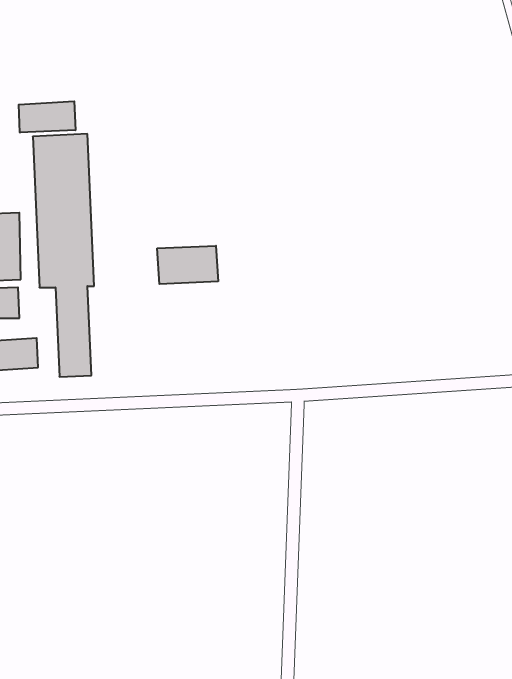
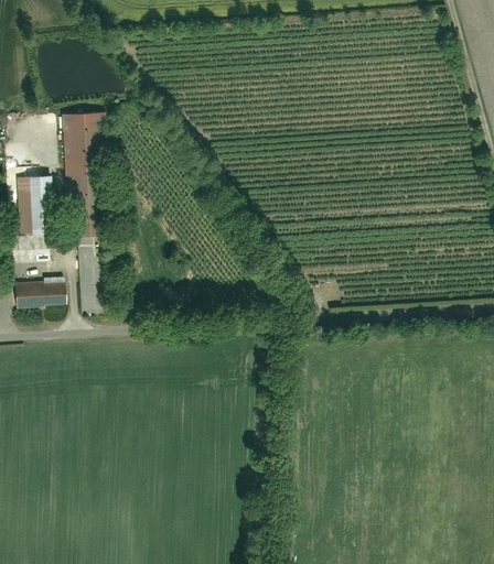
building: [19,101,75,133] -> none
building: [157,246,218,284] -> none

